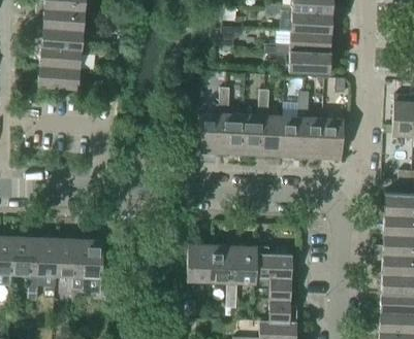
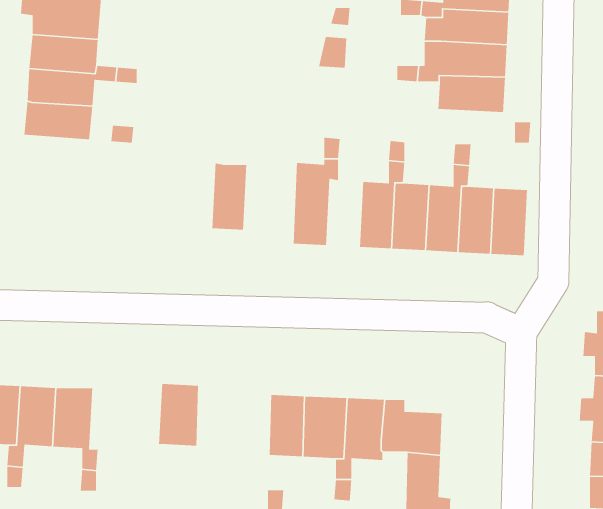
building: [222,113,244,155] -> [212,162,247,231]
building: [78,239,103,277] -> [158,383,199,446]

